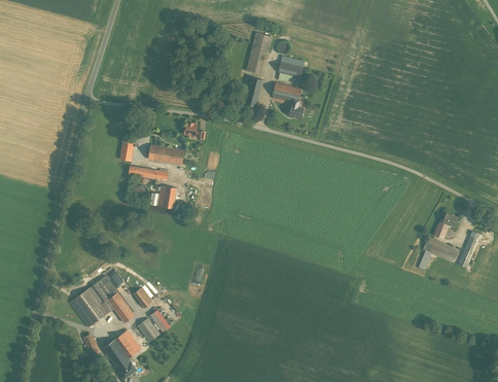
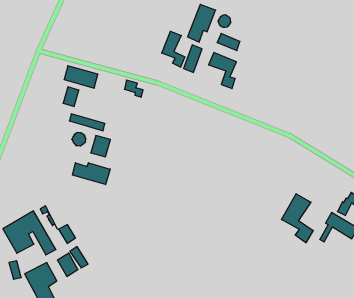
building: none -> [162,31,185,67]
building: [148,145,184,166] -> [64,66,98,88]
building: none -> [73,163,110,185]
building: none -> [281,194,313,243]

